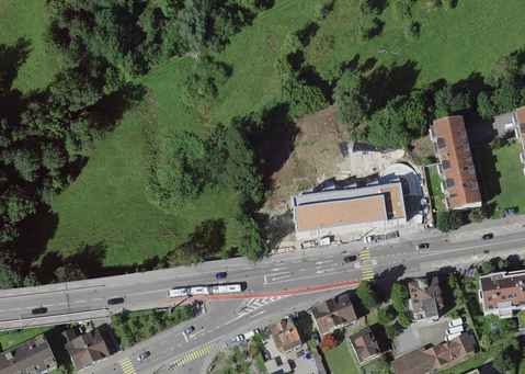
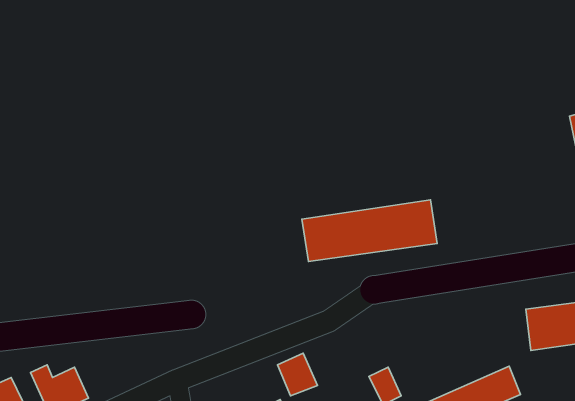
building: [435,121,482,209] -> none
building: [409,277,445,315] -> none
building: [311,293,358,332] -> none

